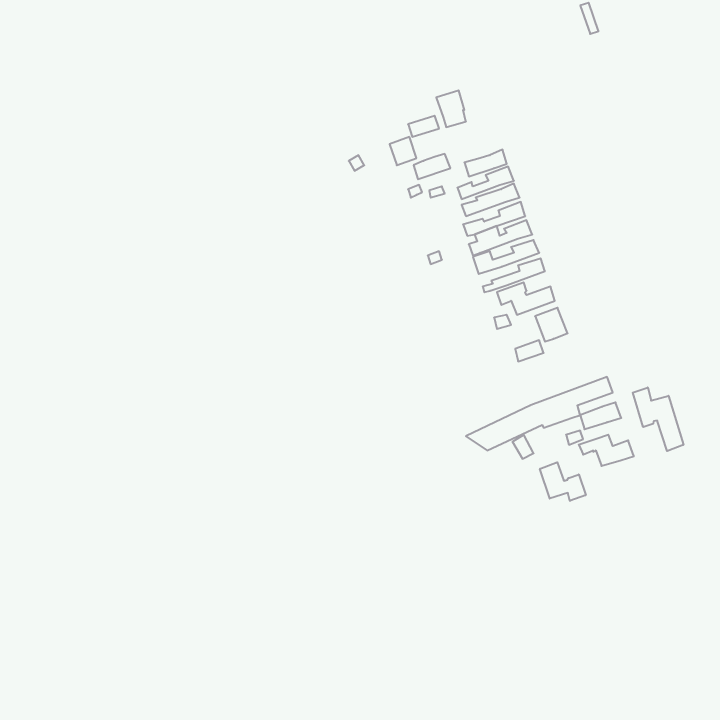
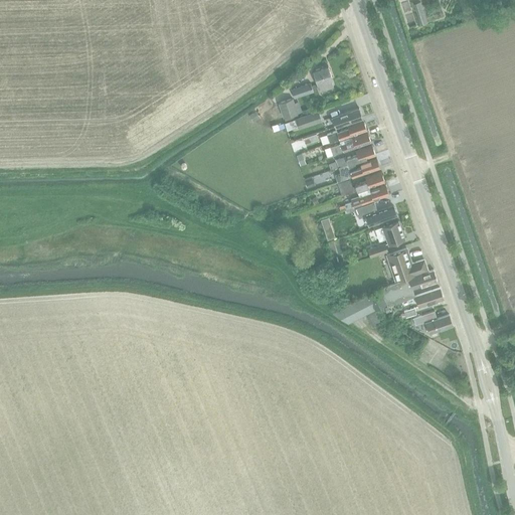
building: none -> [386,247,426,280]
building: [633,387,683,451] -> none
building: [540,462,586,501] -> none

